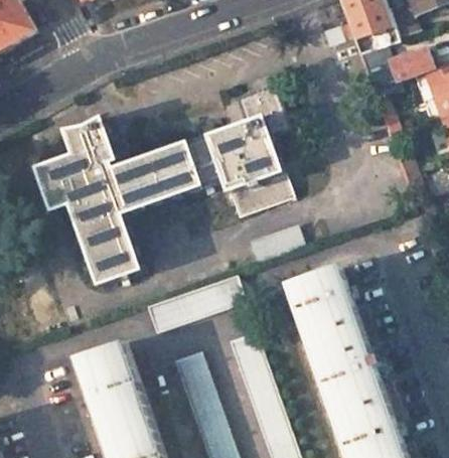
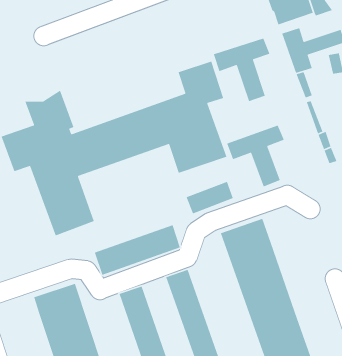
building: none -> [213,37,270,102]
building: none -> [226,124,285,187]

